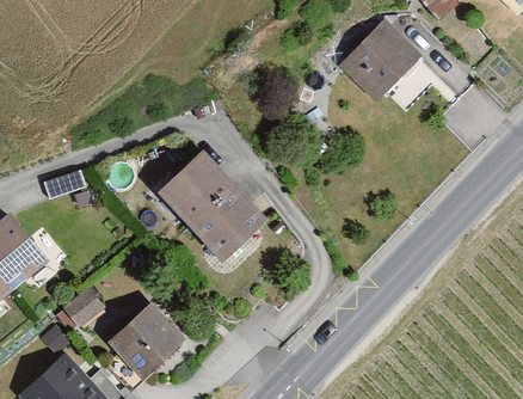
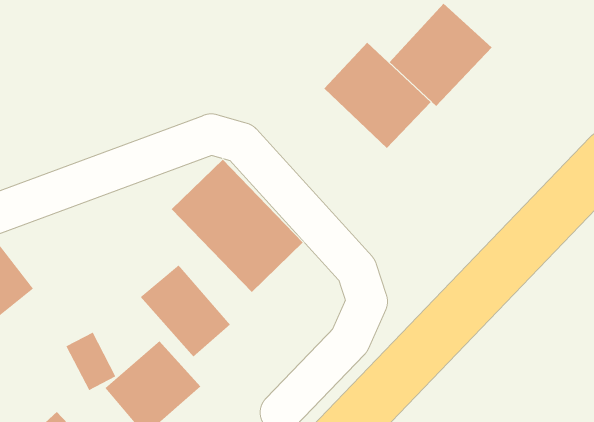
building: none -> [324,42,431,149]
building: none -> [140,264,231,358]

